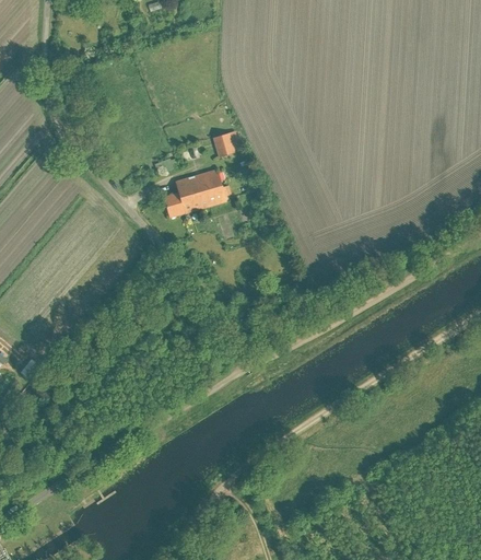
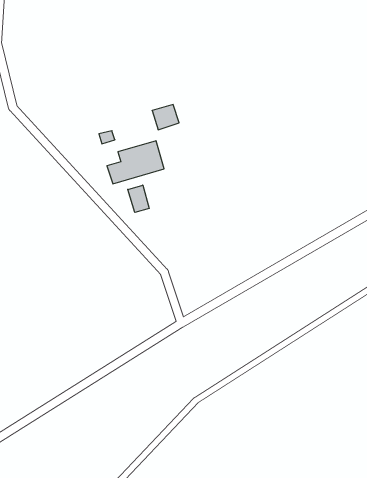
building: none -> [128,185,149,212]

